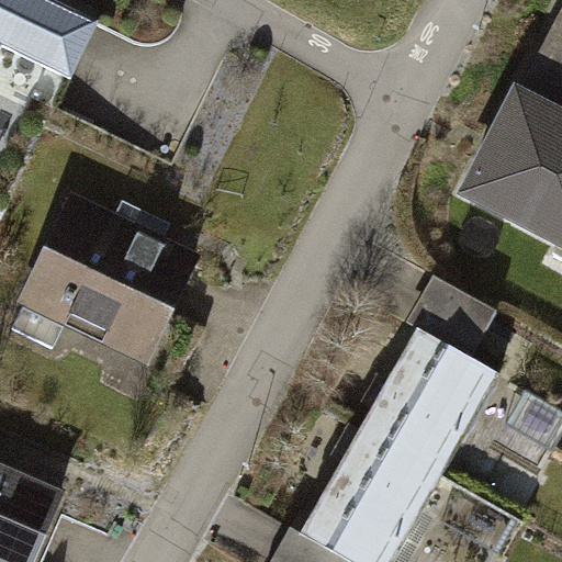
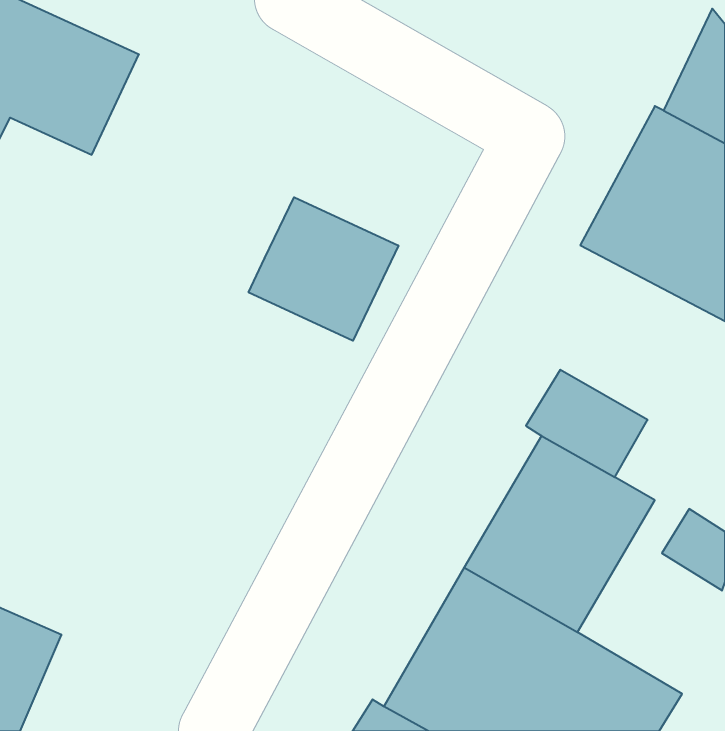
building: none -> [249,197,398,341]
building: [25,213,205,387] -> none

